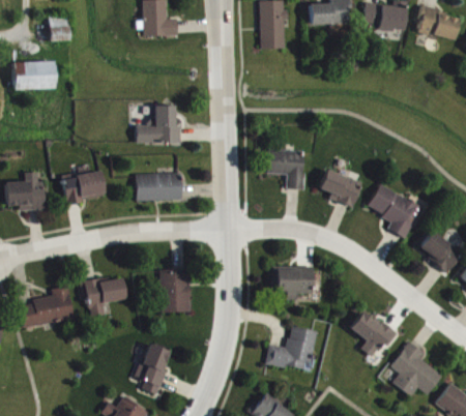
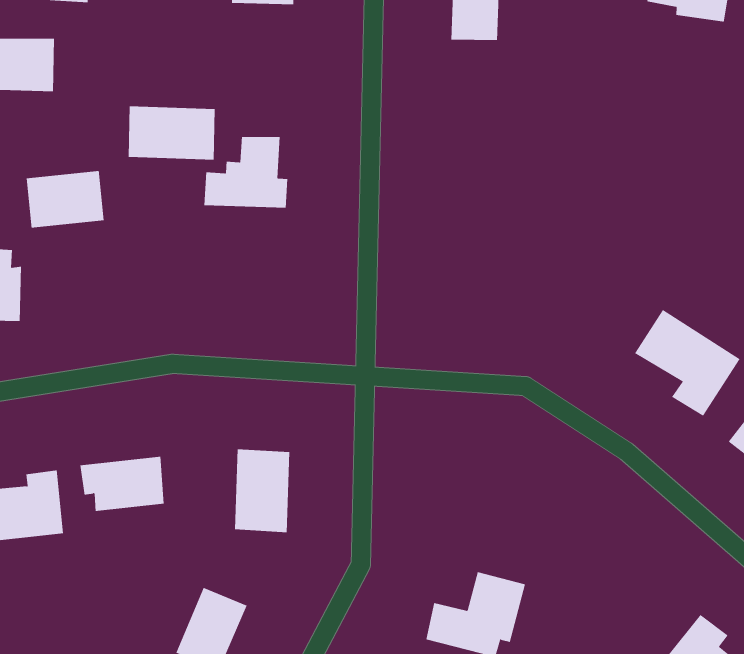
building: [267,149,304,189] -> none
building: [319,169,361,207] -> none
building: [62,170,105,202] -> [26,171,104,228]
building: [136,173,182,201] -> [128,106,216,160]
building: [272,266,313,299] -> none
building: [350,311,398,357] -> none

